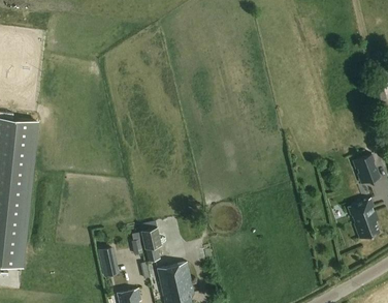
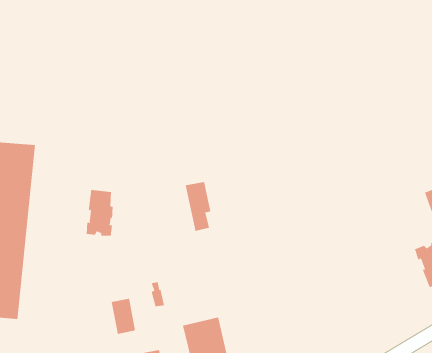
building: none -> [86,189,113,237]
building: [139,221,161,263] -> [185,181,211,232]

